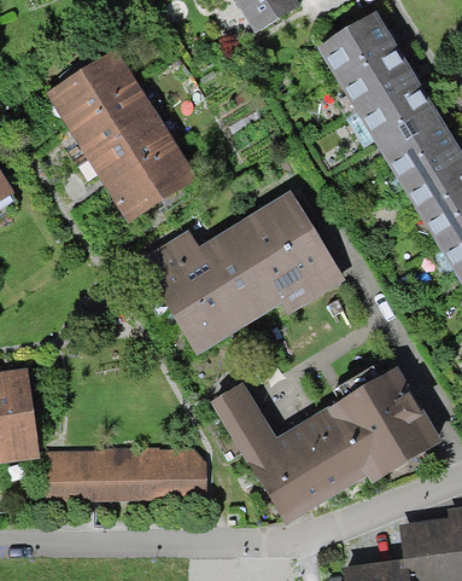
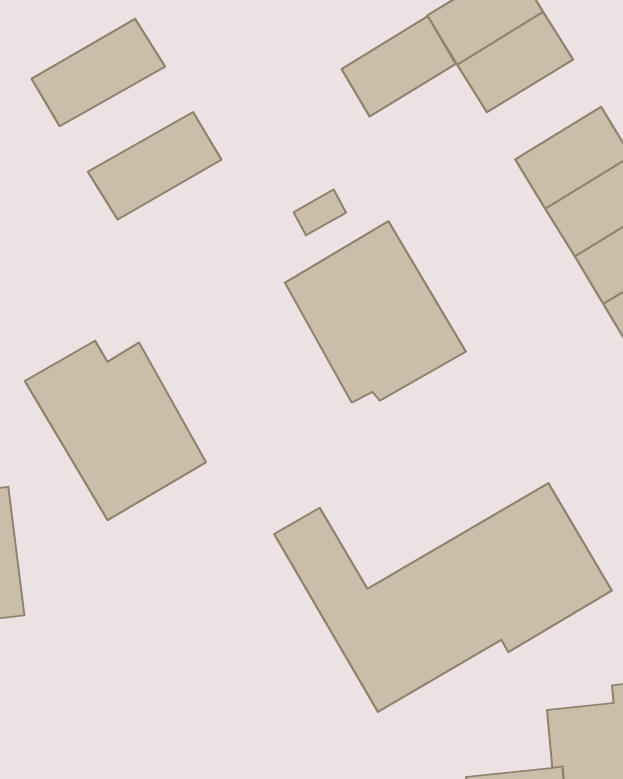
building: [358,76,437,145] -> [342,16,456,117]
building: [65,81,157,153] -> none
building: [105,145,197,219] -> none
building: [141,228,265,351] -> [25,341,206,520]
building: [46,449,209,498] -> none

